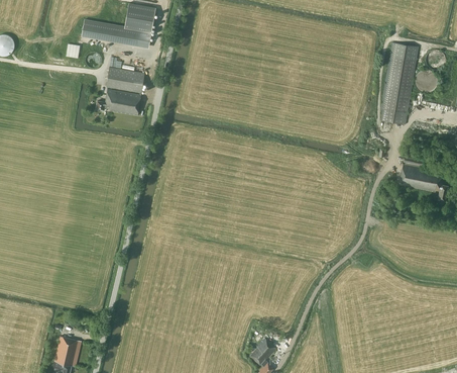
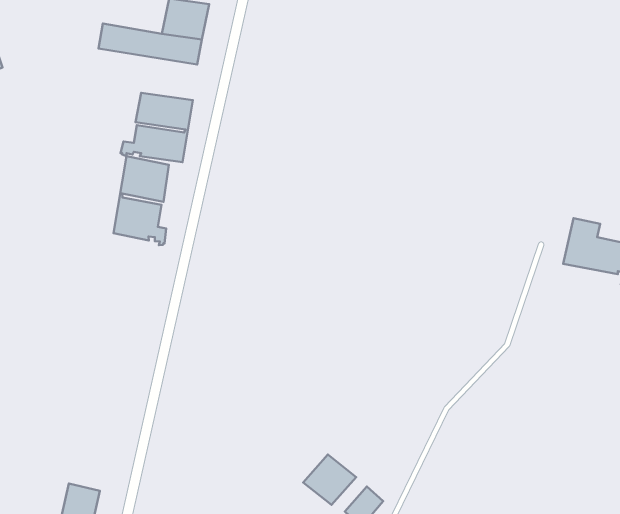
building: [380,42,419,124] -> none
building: none -> [114,156,169,245]
building: none -> [303,454,356,505]

